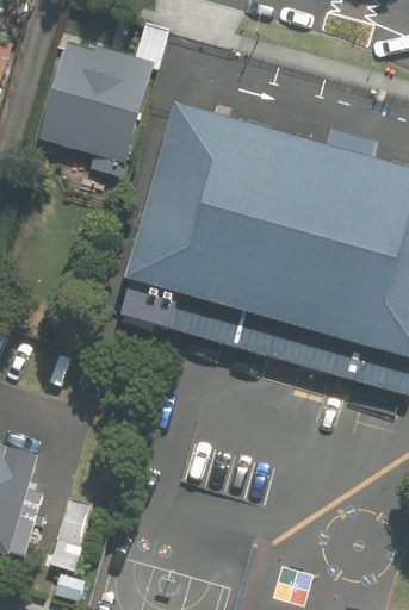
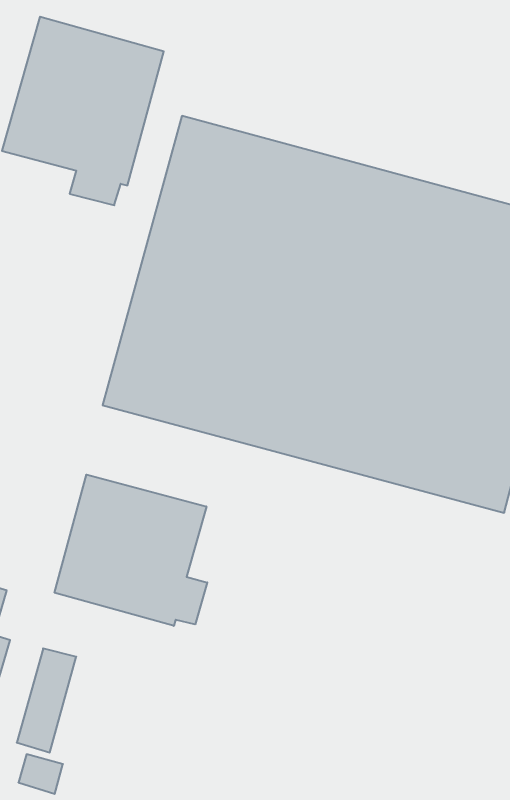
building: none -> [55,475,207,626]

